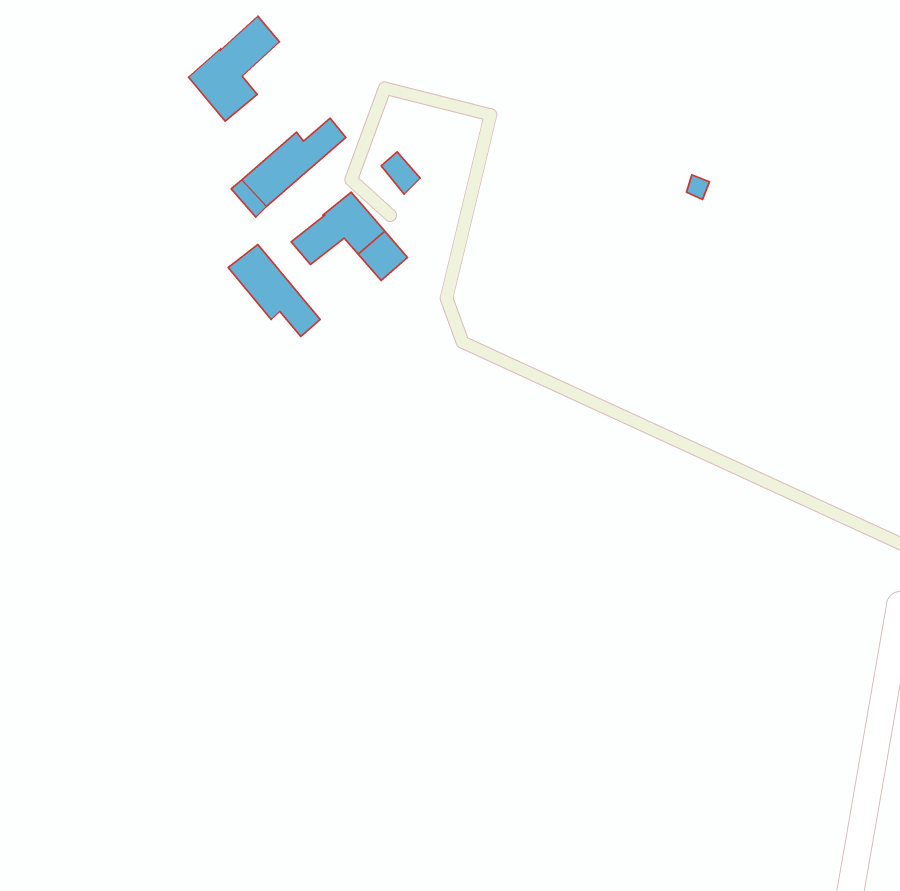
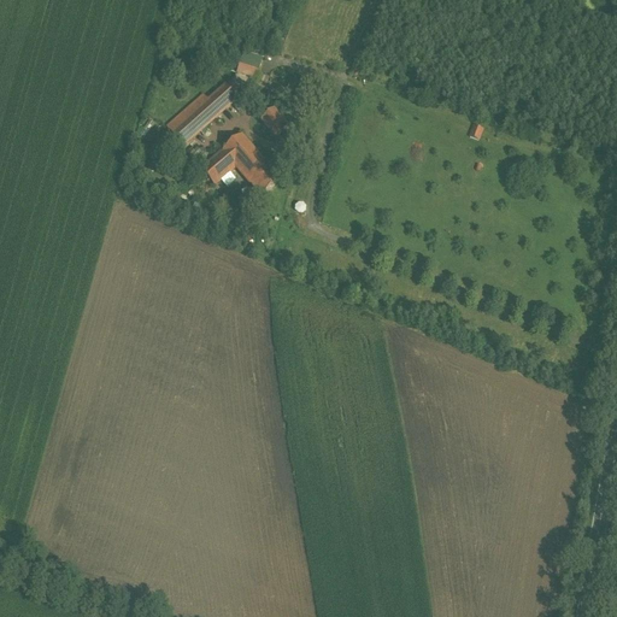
building: [188,16,280,121] -> none
building: [228,245,320,337] -> none

